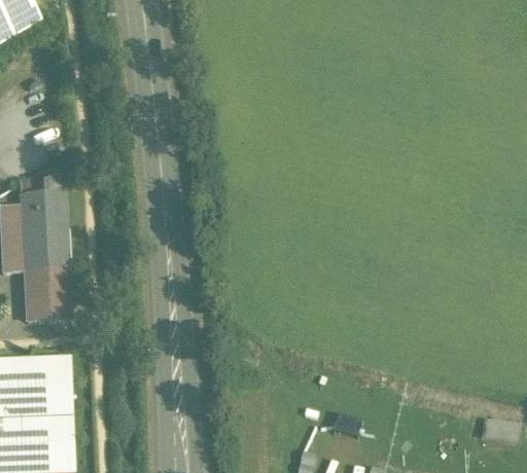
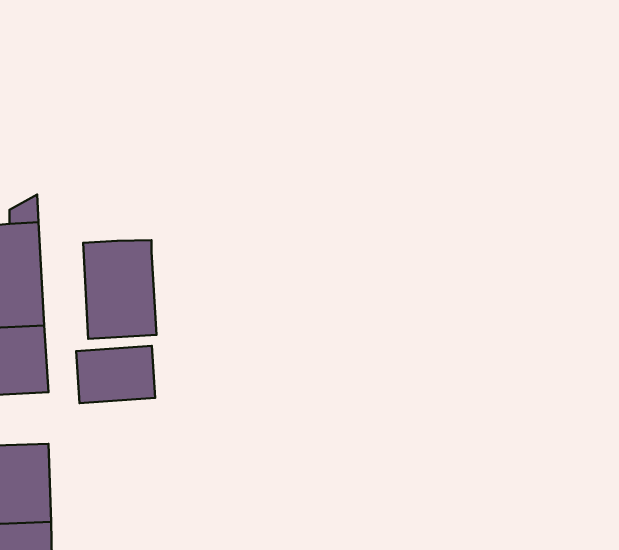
building: none -> [83,240,157,339]
building: none -> [76,346,155,403]

